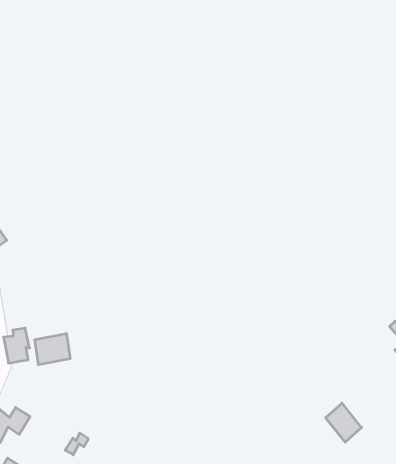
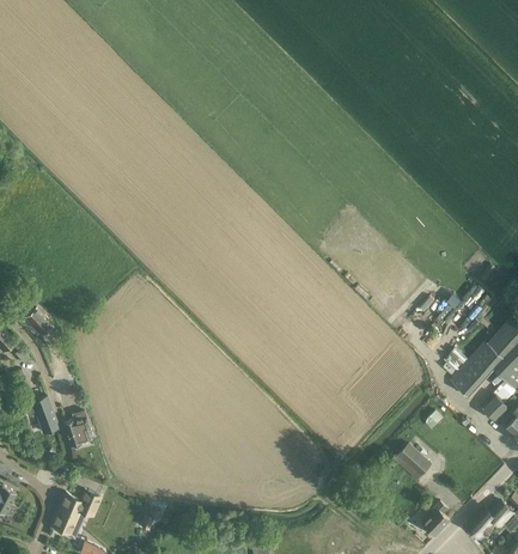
building: [35,333,70,365] -> none

